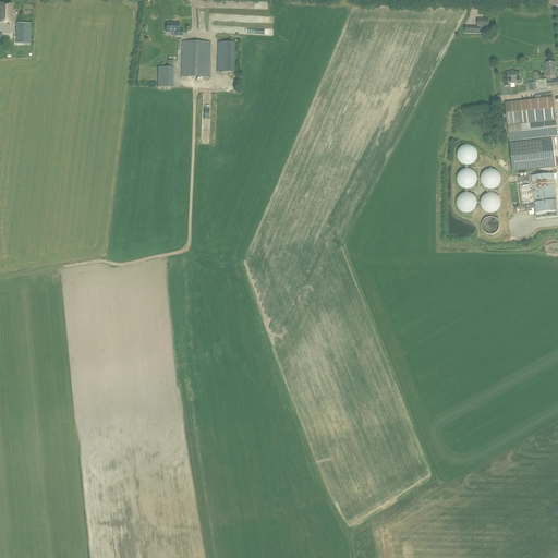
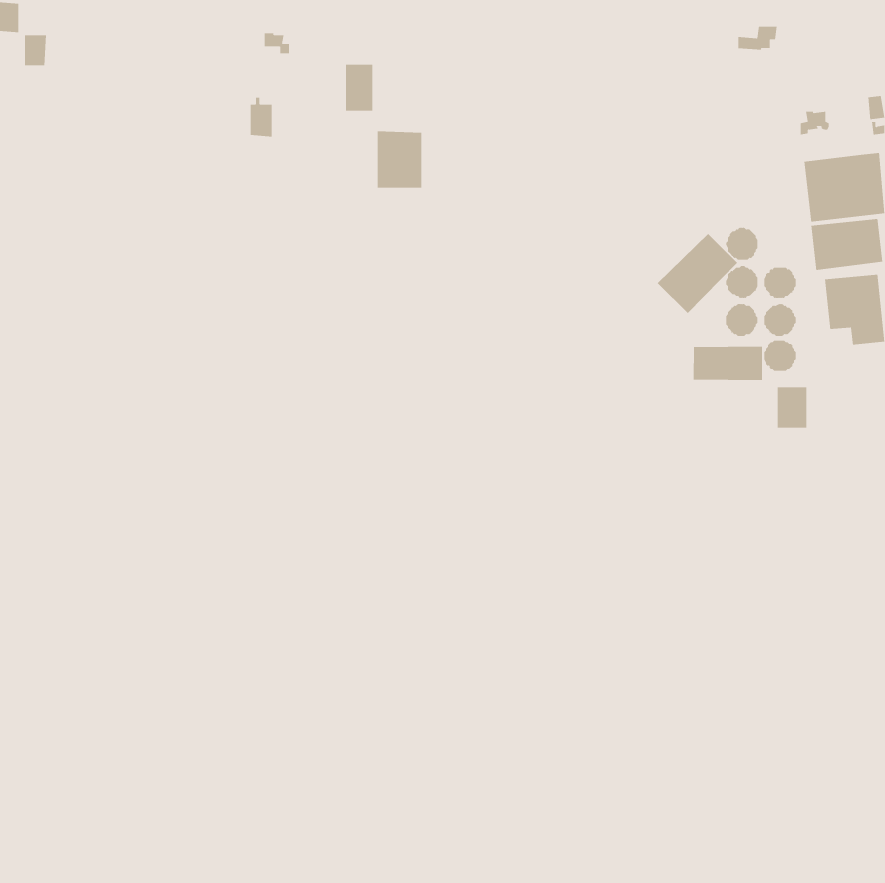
building: [181,39,209,75] -> [377,131,422,188]
building: none -> [657,233,738,314]
building: none -> [693,346,762,381]
building: none -> [777,387,807,428]

